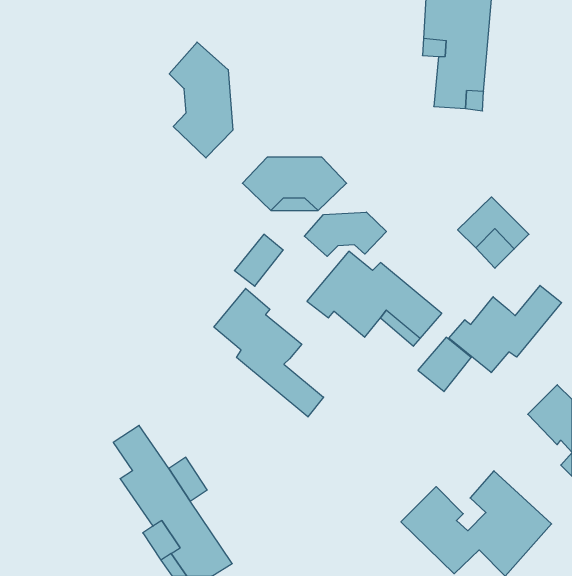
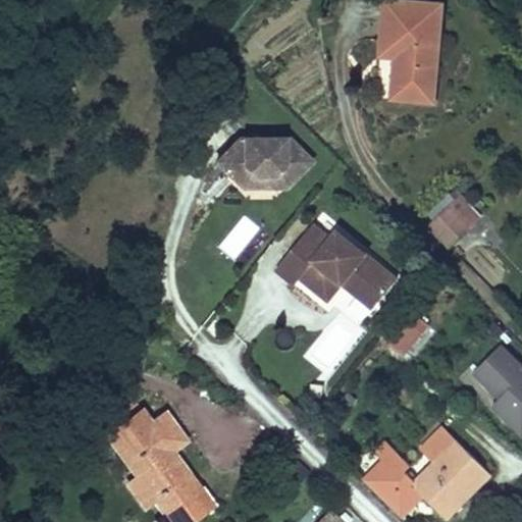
building: [169,42,233,158] -> none
building: [304,212,386,256] -> none
building: [449,285,562,373] -> none
building: [214,288,324,417] -> none

